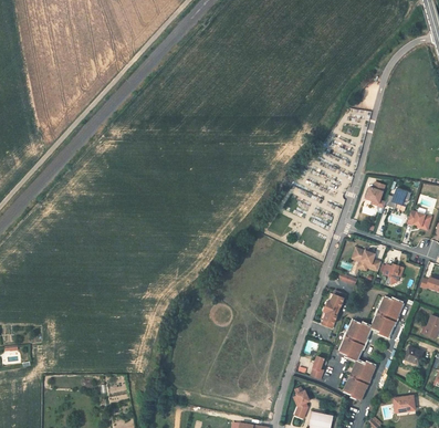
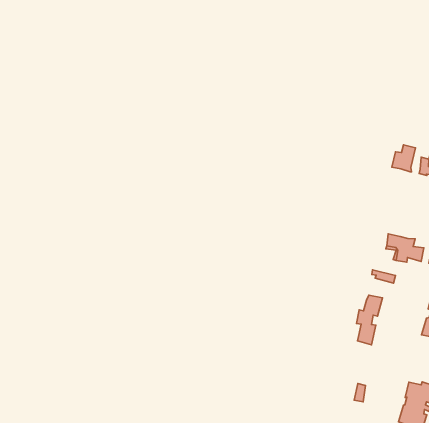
building: [338,322,370,361] -> none

